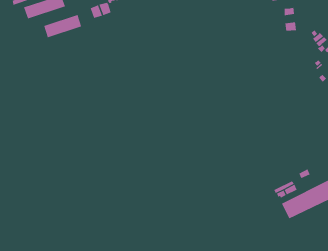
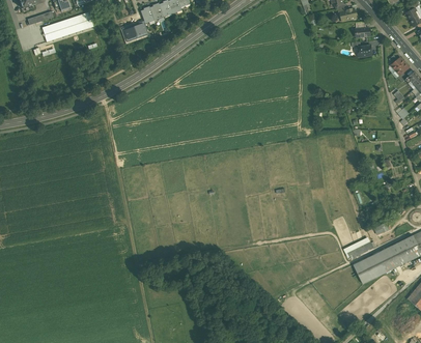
building: [44,14,82,38] -> none

